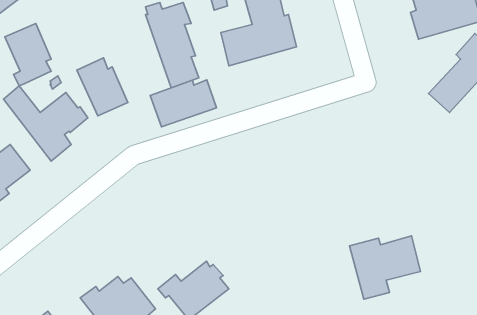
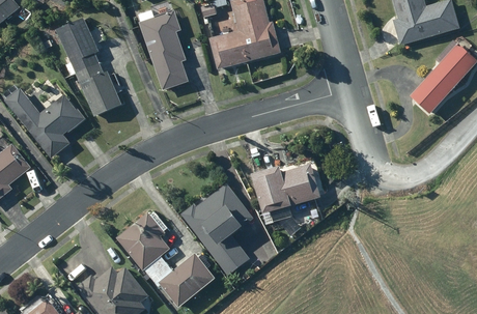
building: [5,24,51,86] -> [56,18,100,76]
building: [150,80,216,127] -> none
building: none -> [180,183,253,275]
building: none -> [117,211,170,278]
building: [350,236,420,299] -> [254,164,320,223]

